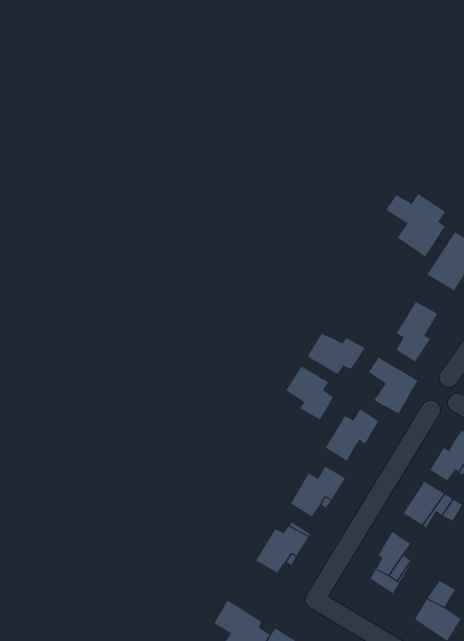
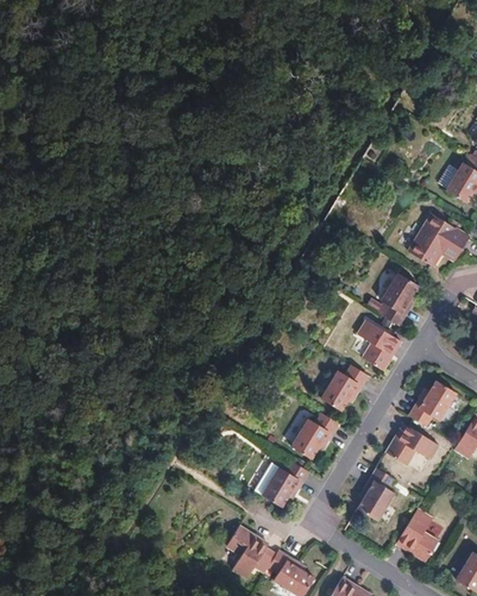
building: [386,193,446,257] -> none
building: [307,333,365,375] -> none
building: [286,365,334,420] -> none

